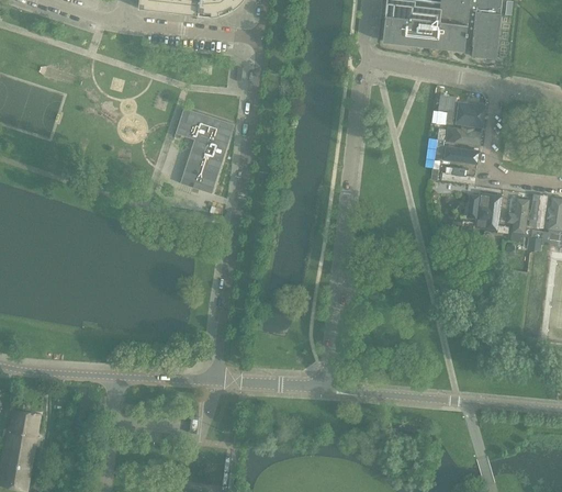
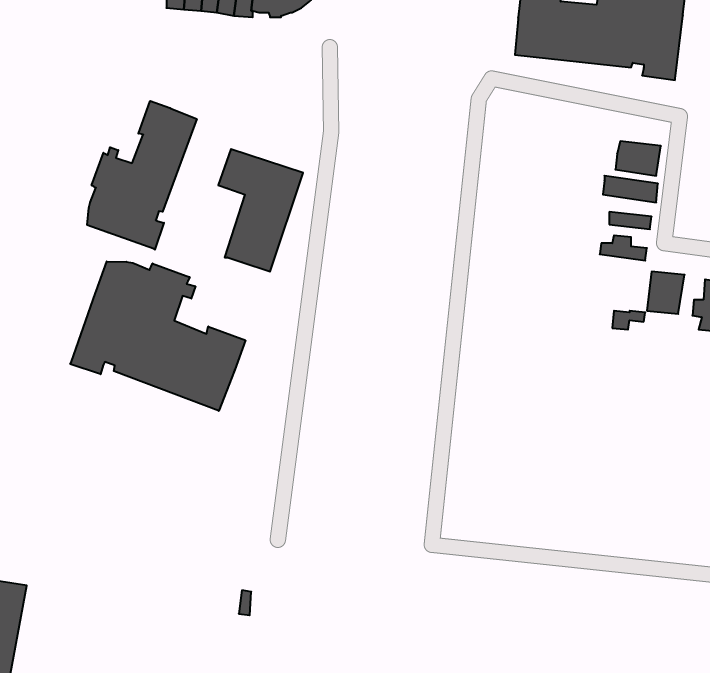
building: none -> [87,101,197,250]
building: none -> [70,261,245,411]

